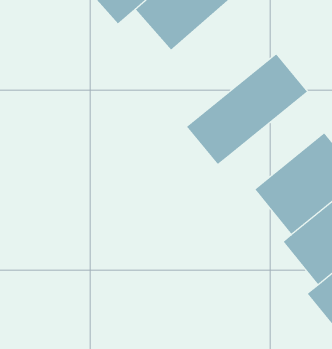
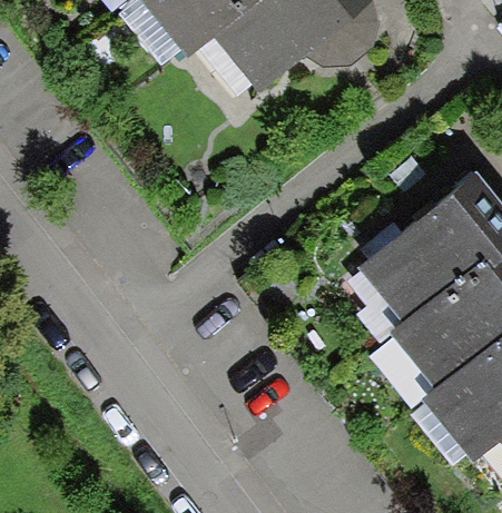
building: [186,53,308,165] -> none

